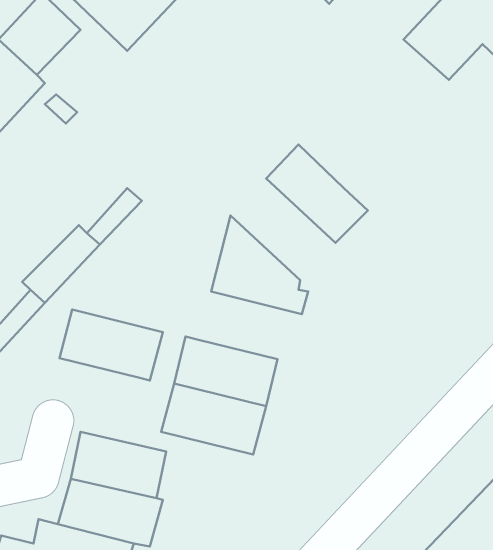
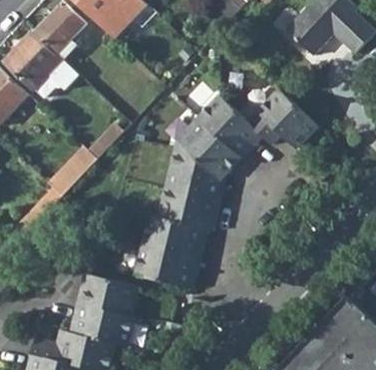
building: none -> [247,90,318,150]
building: none -> [176,117,242,180]
building: [59,310,163,381] -> [156,188,221,232]

